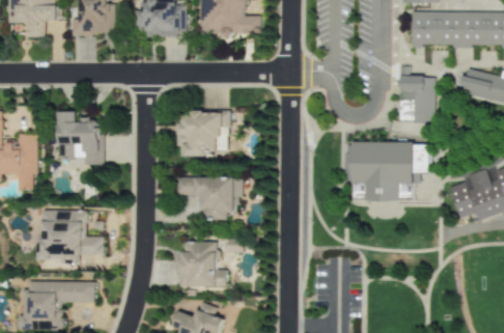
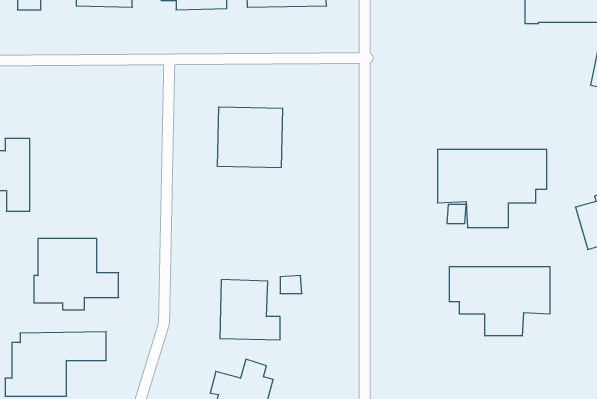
building: [399,76,435,123] -> none
building: [58,112,104,164] -> none
building: [177,177,242,220] -> none
building: none -> [450,267,550,336]

